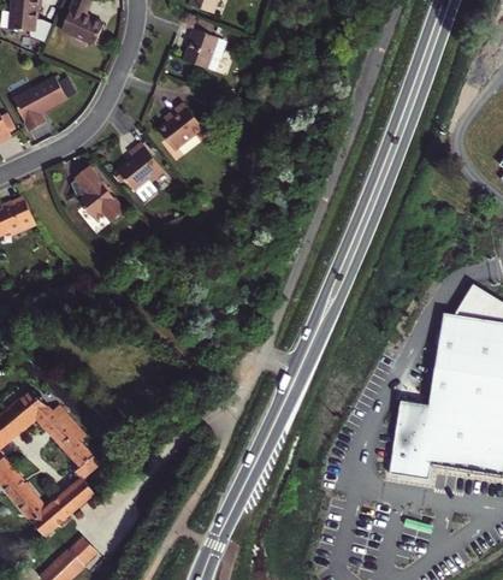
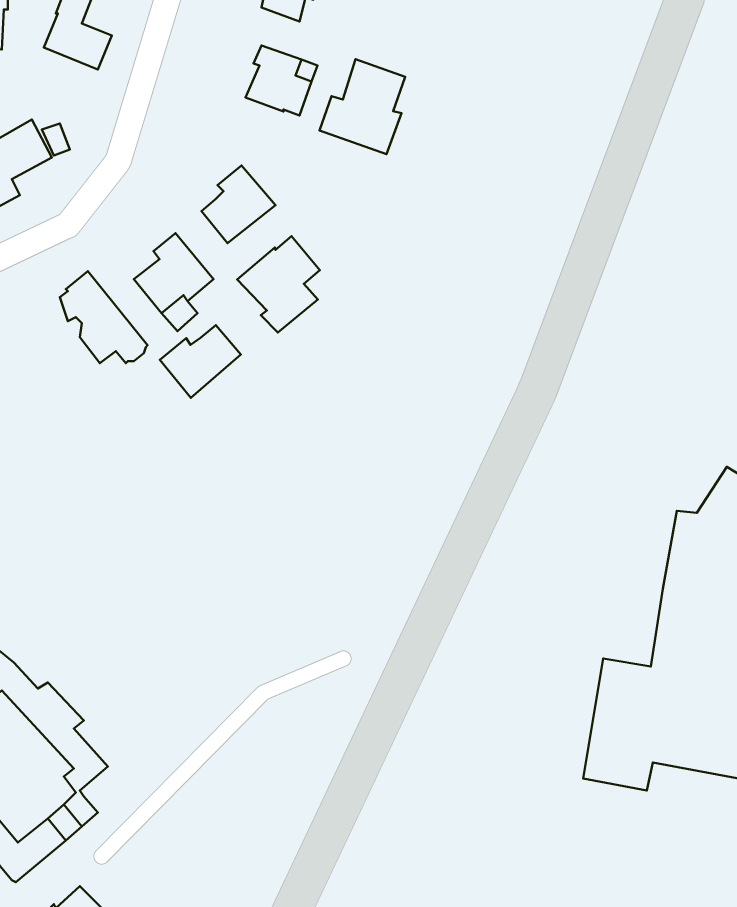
building: none -> [319,59,405,154]
building: none -> [237,236,320,333]
building: none -> [160,325,241,398]

